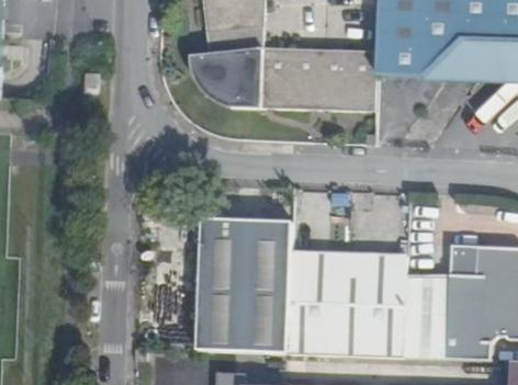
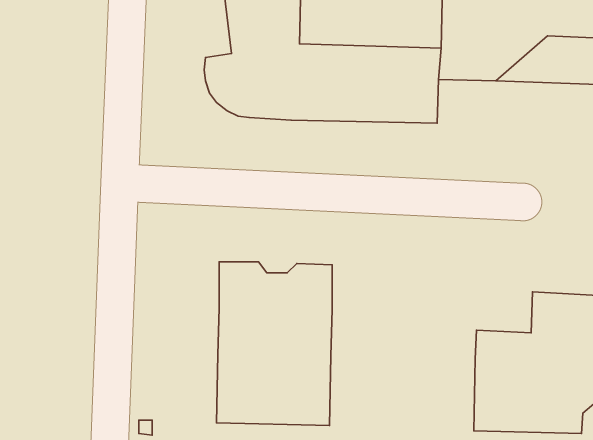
building: [289,253,407,358] -> none

